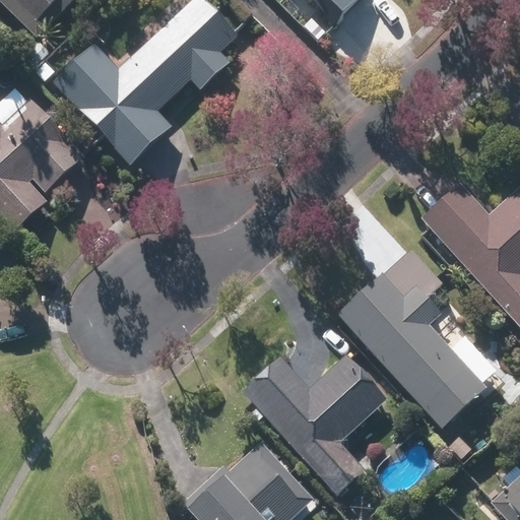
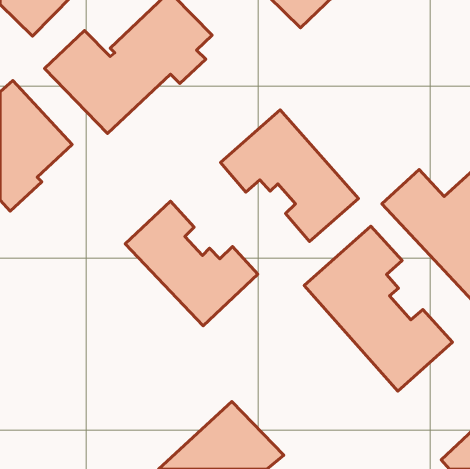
building: none -> [220,110,359,242]
building: none -> [125,201,258,326]
building: [240,354,387,496] -> none

